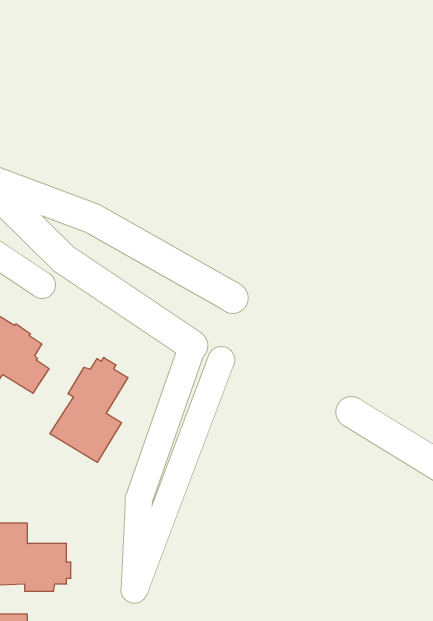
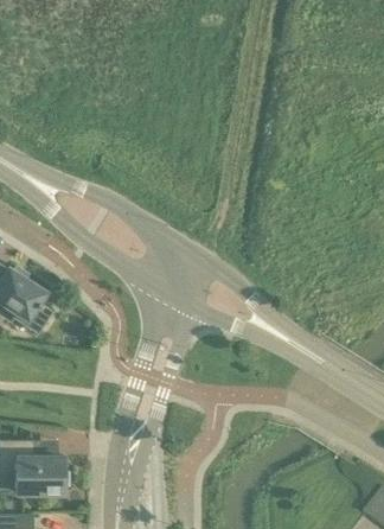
building: [50,357,128,462] -> none

